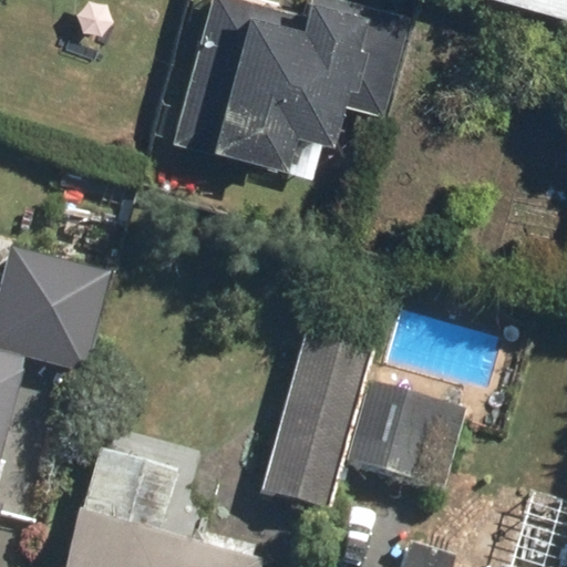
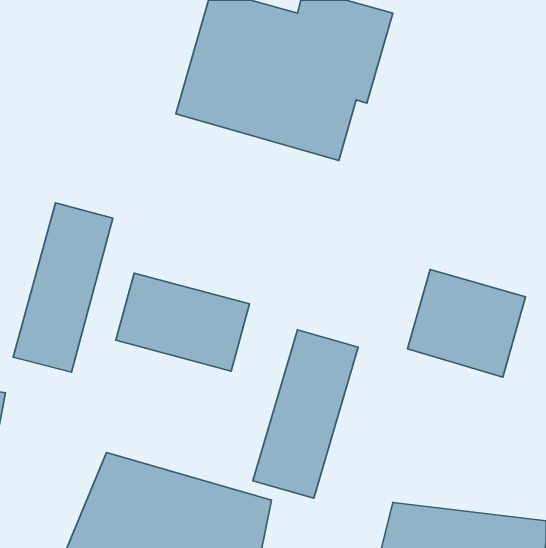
building: none -> [116,273,249,371]
building: [344,389,465,498] -> [407,270,526,377]

